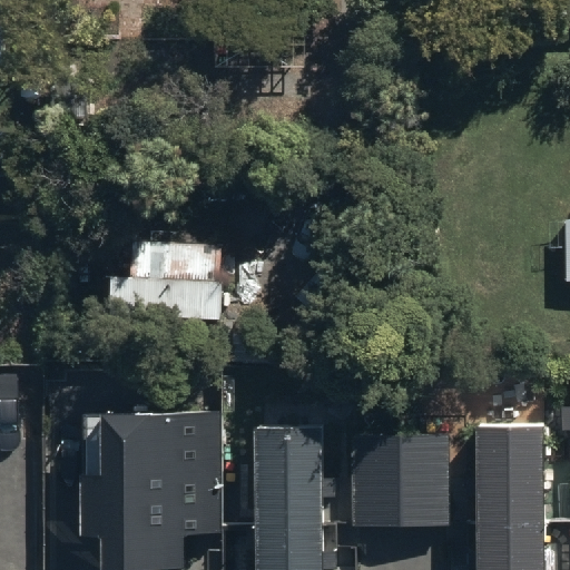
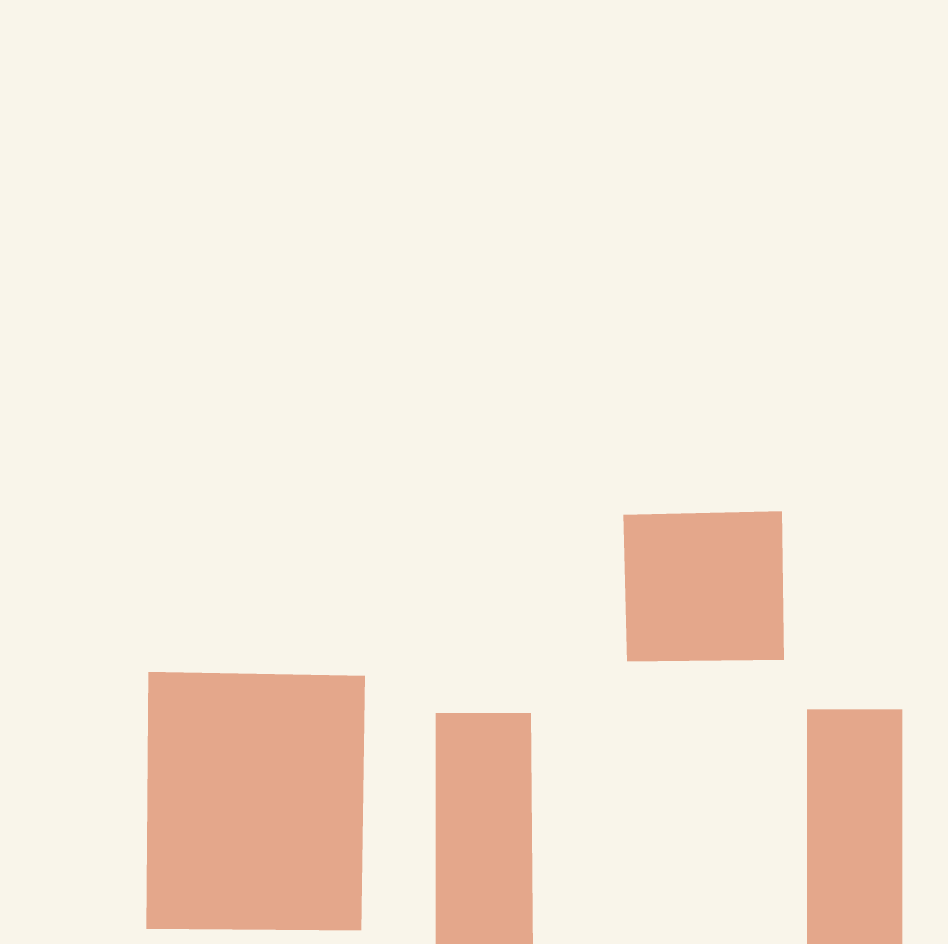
building: [111,240,220,324] -> none
building: [352,436,449,527] -> [622,511,785,662]

